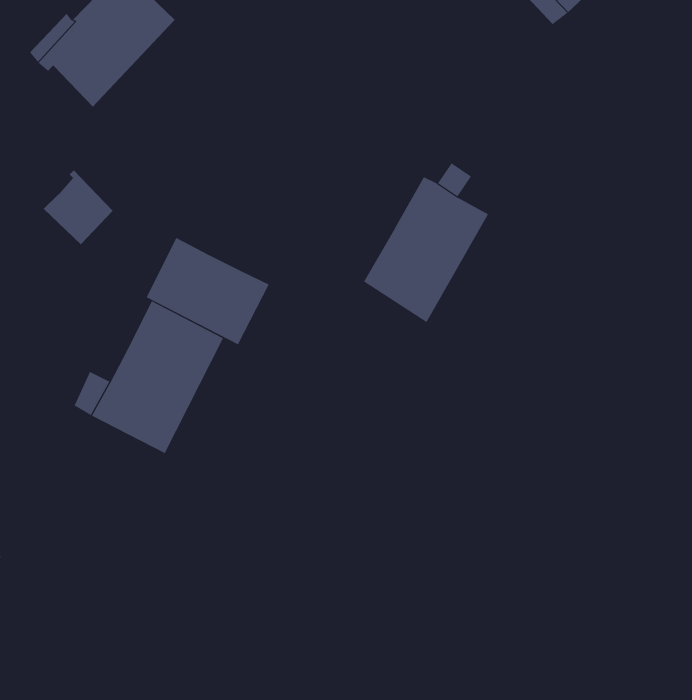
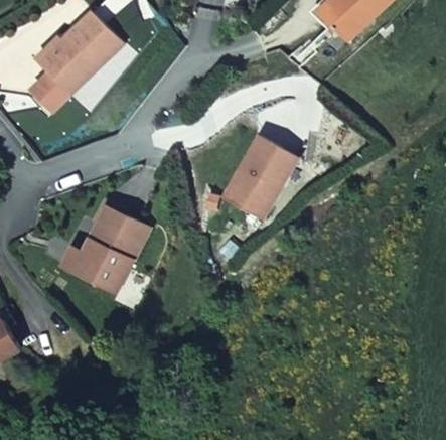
building: [43,169,114,245] -> [29,67,70,112]
building: [146,237,270,345] -> none

